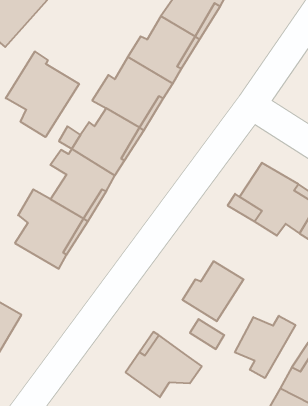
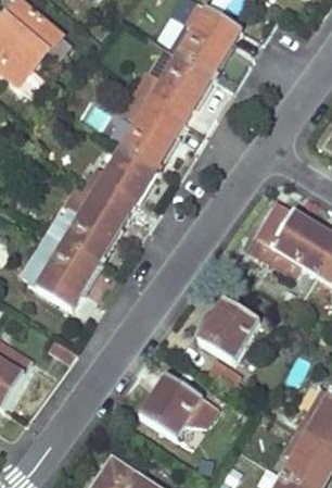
building: [6,51,79,137] -> none
building: [235,316,295,378] -> none

